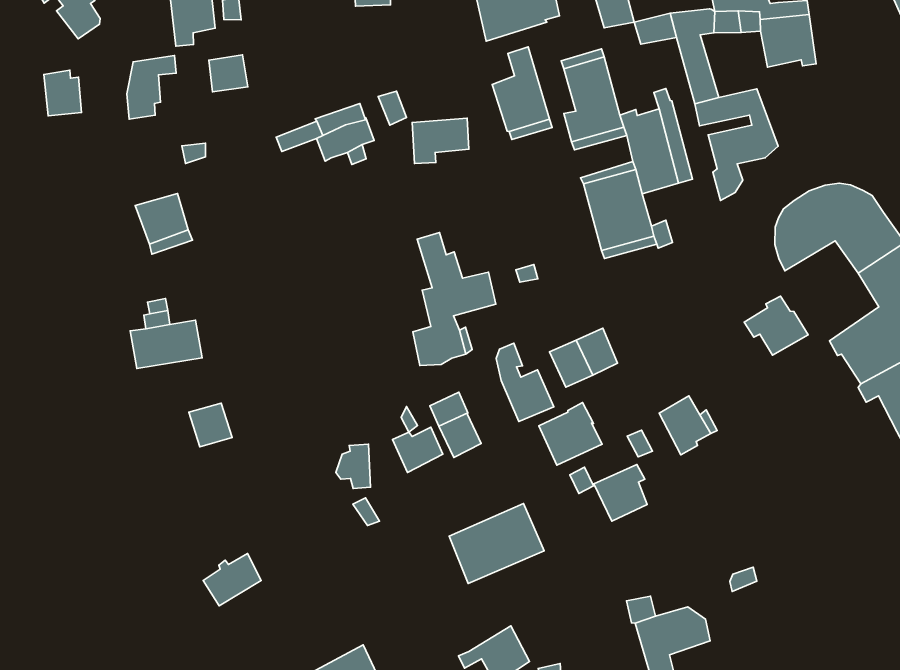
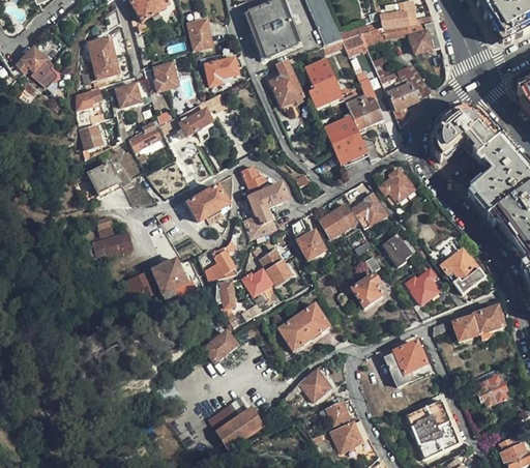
building: none -> [152,62,176,90]
building: [44,70,81,116] -> [78,122,100,148]
building: [412,118,469,163] -> [204,57,236,85]
building: none -> [127,123,157,151]
building: none -> [185,186,226,222]
building: [744,296,808,355] -> [379,170,414,202]
building: none -> [205,239,236,285]
building: none -> [151,258,185,292]
building: [539,403,602,465] -> [351,194,386,229]
building: none -> [442,250,485,293]
building: none -> [407,268,439,304]
building: [203,554,261,606] -> [204,330,235,360]
building: none -> [451,306,503,340]

